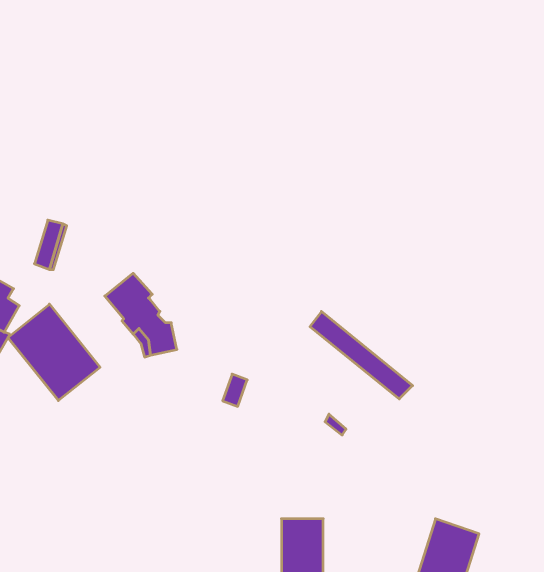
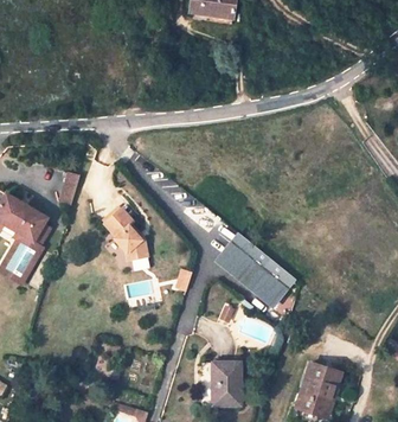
building: [8,304,100,401] -> none
building: none -> [216,242,287,306]

